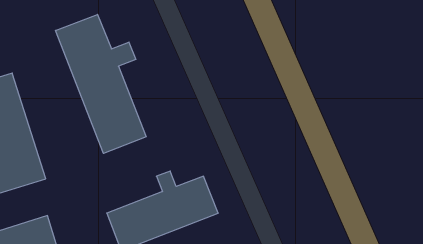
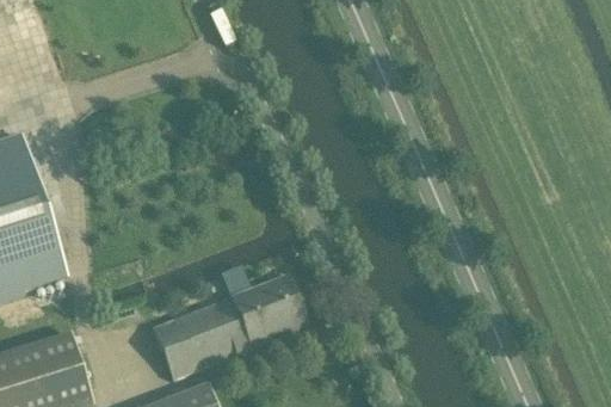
building: [56,14,146,153] -> none

